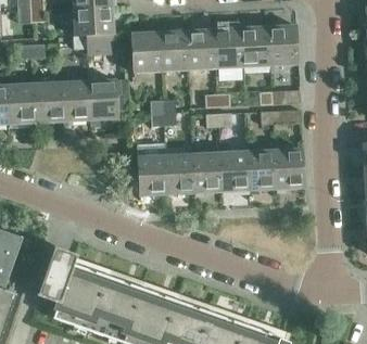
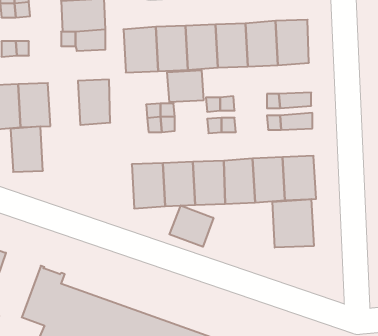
building: none -> [167,70,203,102]
building: [61,79,90,120] -> [11,126,43,172]
building: none -> [272,199,314,248]
building: none -> [169,205,213,247]

